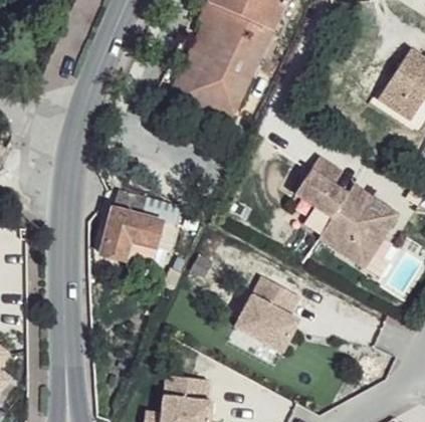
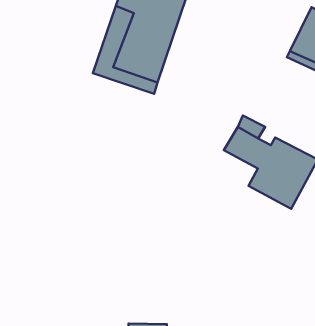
building: [101,191,181,260] -> none
building: [238,279,302,354] -> none

